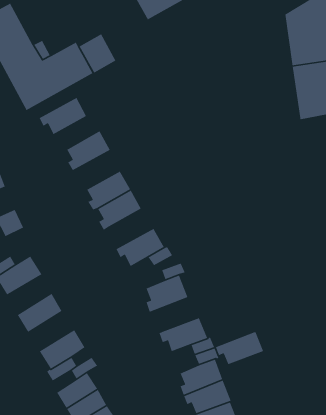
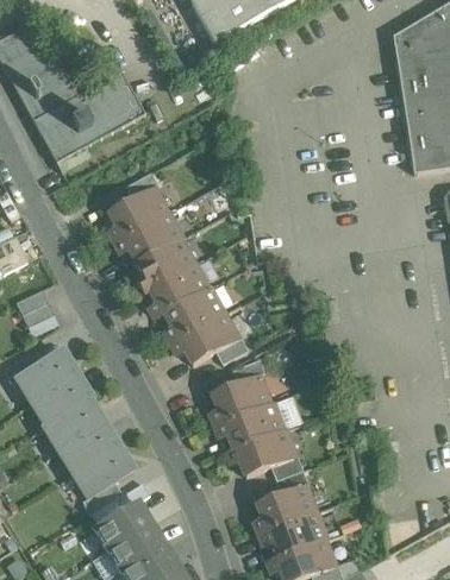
building: [79,33,116,75] -> none
building: [39,97,87,135] -> [117,213,180,263]
building: none -> [164,289,223,341]
building: none -> [31,374,92,427]
building: none -> [58,422,119,474]
building: [215,331,264,365] -> [217,404,281,448]

